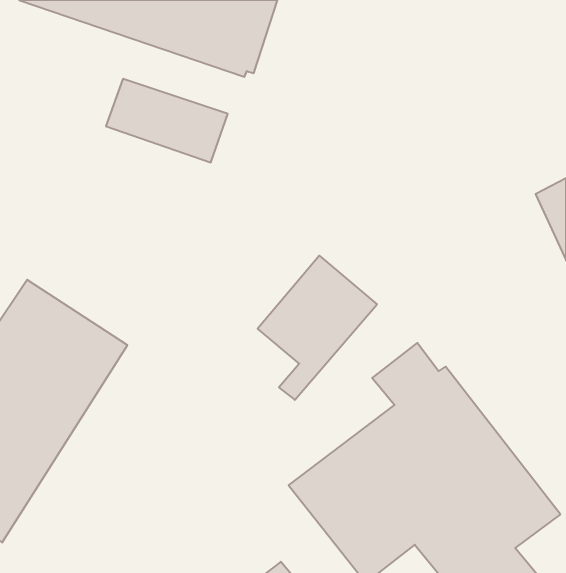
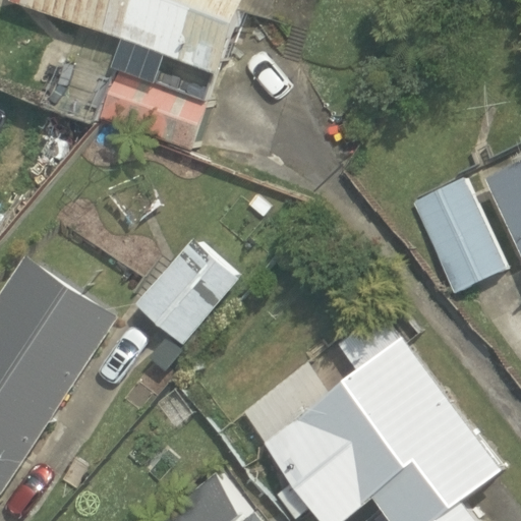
building: none -> [410,177,506,293]
building: [258,256,377,400] -> [132,236,240,366]

